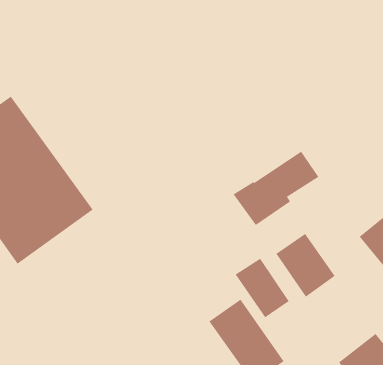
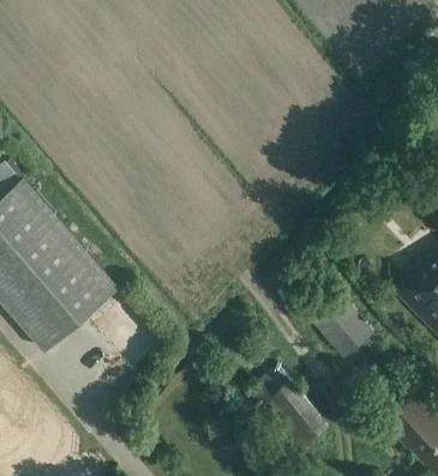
building: [233,151,319,226] -> none
building: [235,258,290,318] -> none

